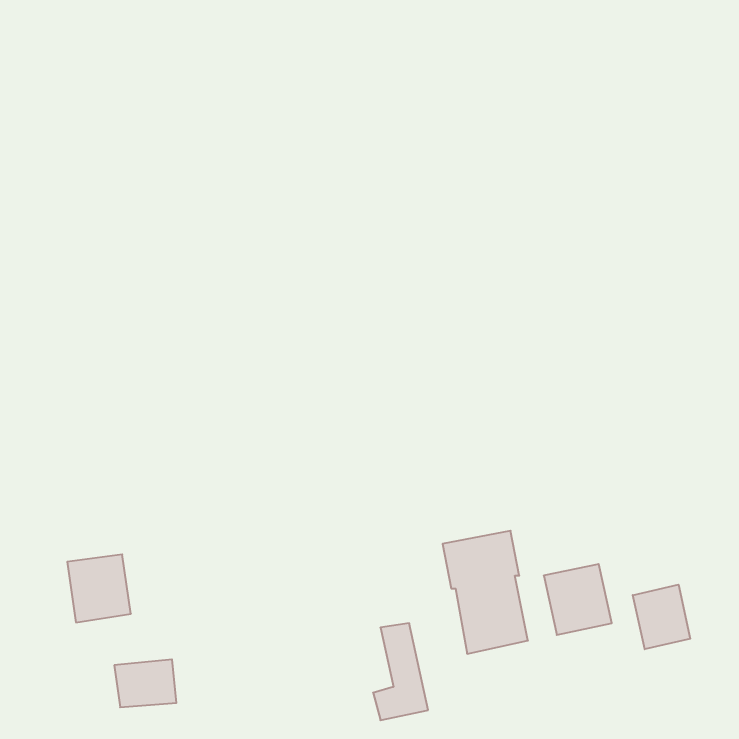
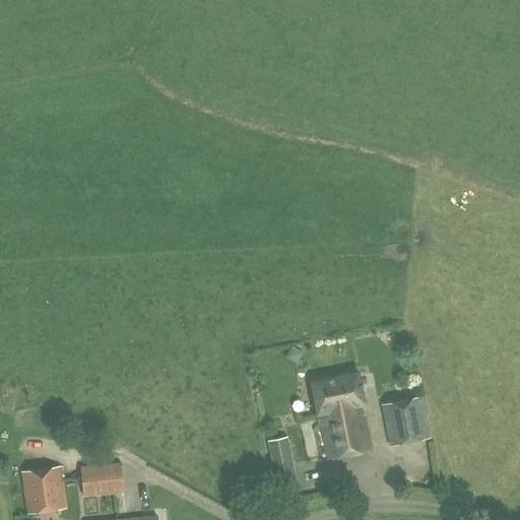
building: [67,554,131,622] -> [21,466,66,514]
building: [633,585,690,649] -> none

